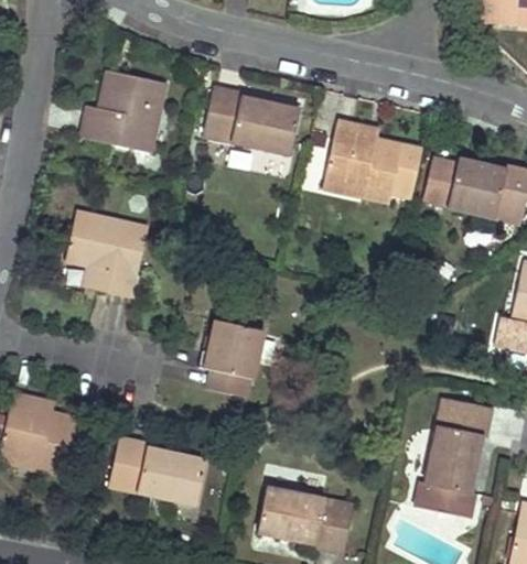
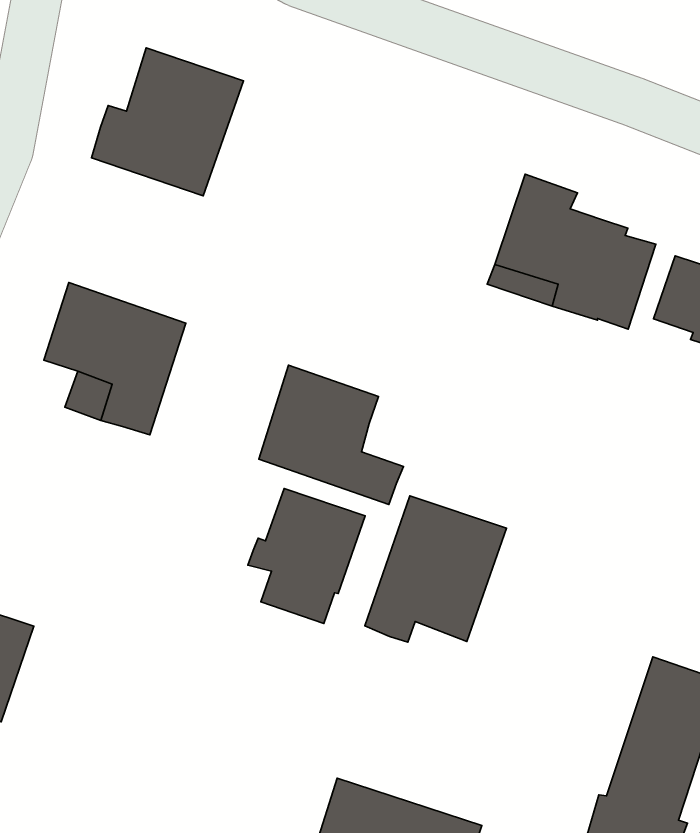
building: [203,86,299,152] -> none
building: none -> [259,365,403,504]
building: none -> [365,496,507,642]
building: [108,437,204,503] -> none

